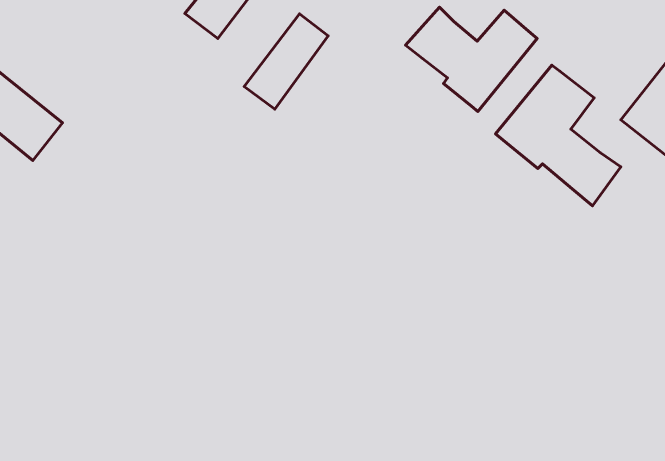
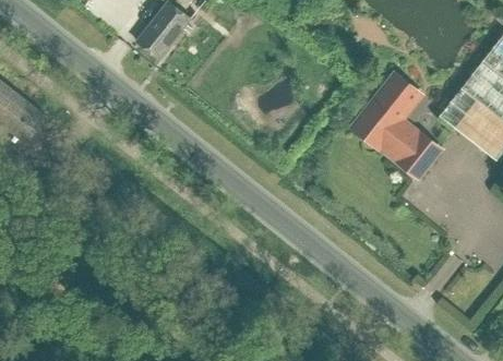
building: [406,7,537,111] -> none
building: [244,14,328,109] -> none

